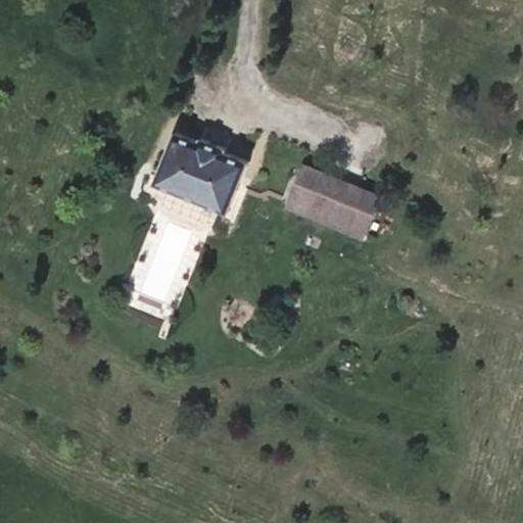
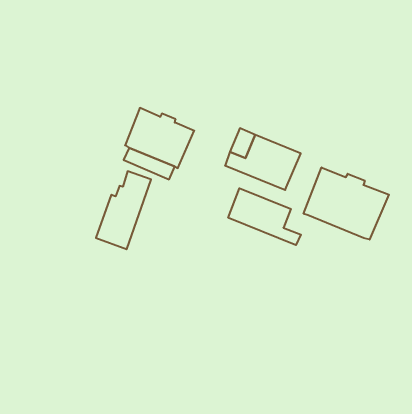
building: none -> [304,167,389,240]
building: none -> [228,188,301,245]

